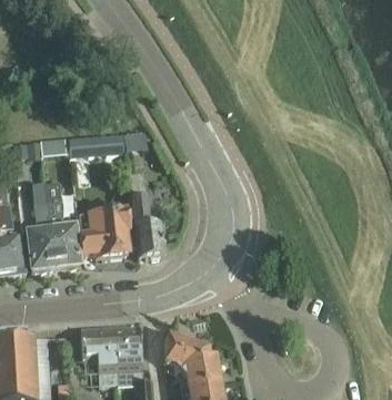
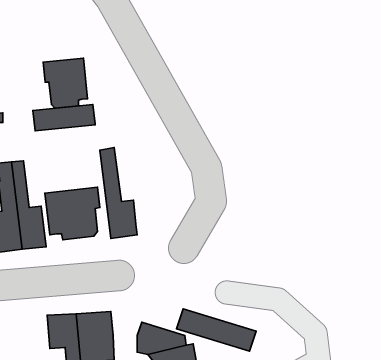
building: none -> [43,58,88,108]
building: none -> [177,309,256,351]

